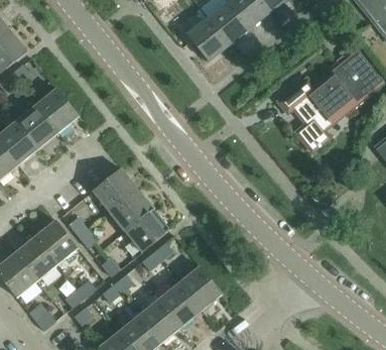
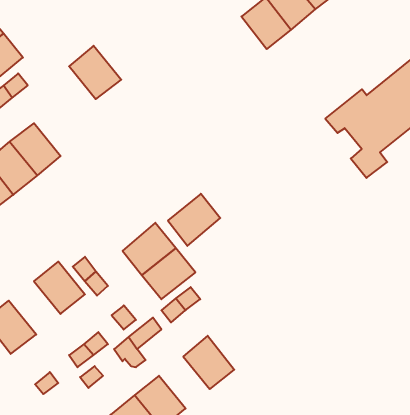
building: [186,17,229,62] -> none
building: [35,89,79,133] -> [69,46,121,99]
building: [93,168,136,212] -> [168,194,220,246]
building: [14,237,57,281] -> none
building: [179,266,222,311] -> none
building: [139,294,181,343] -> none

